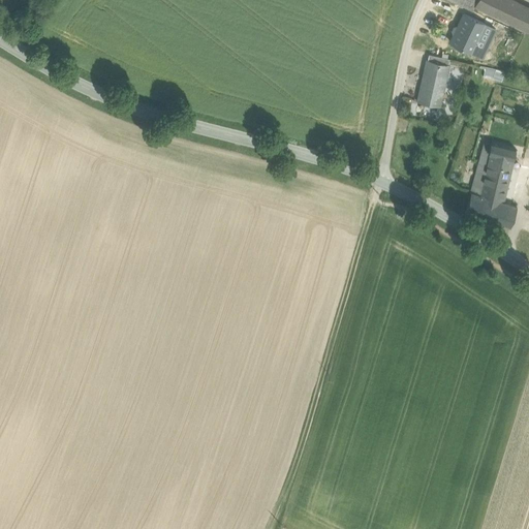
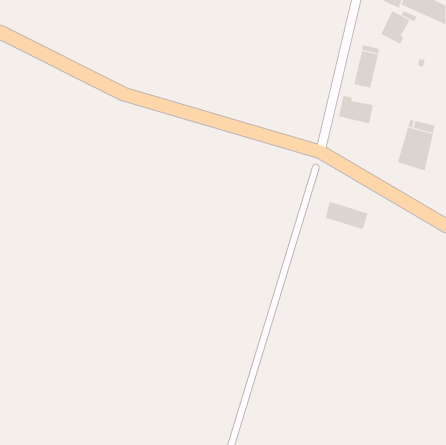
building: none -> [339,95,373,124]
building: [465,192,517,226] -> [325,201,368,230]

